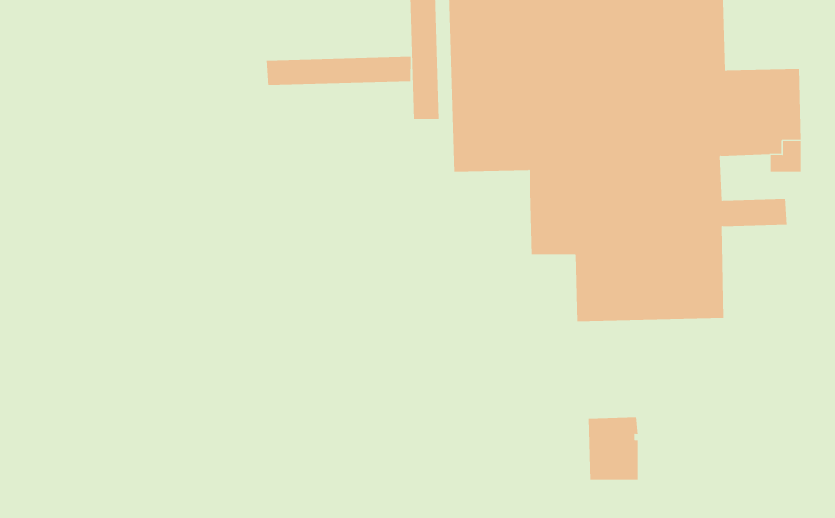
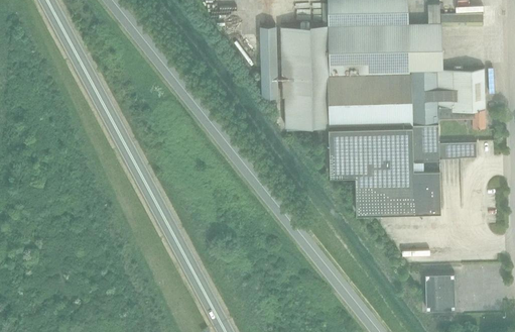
building: [266,56,411,86] -> none
building: [588,417,639,480] -> [425,274,455,311]

